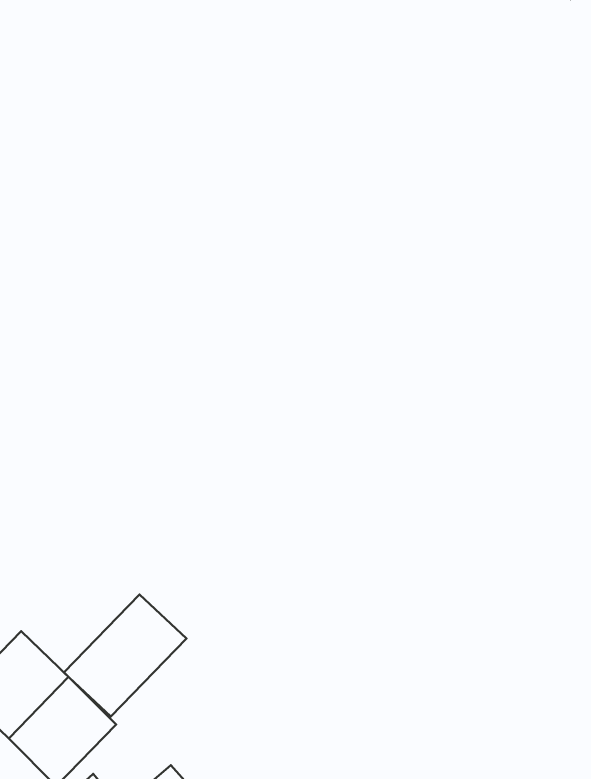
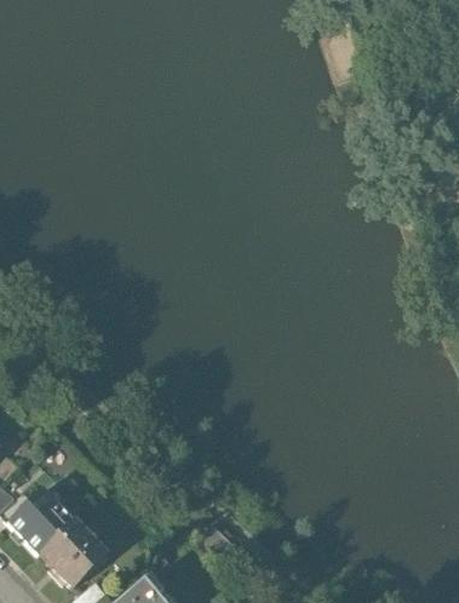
building: [64,595,186,716] -> none

